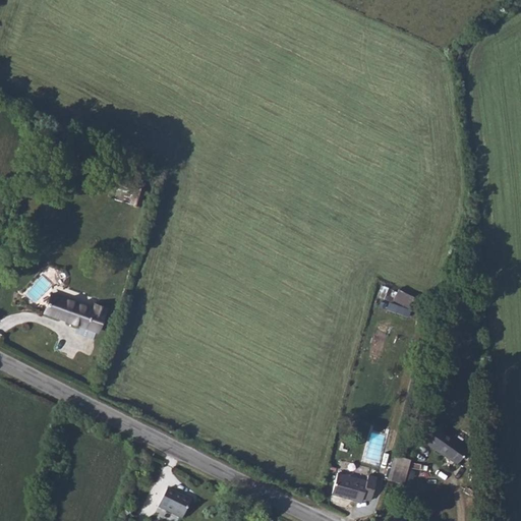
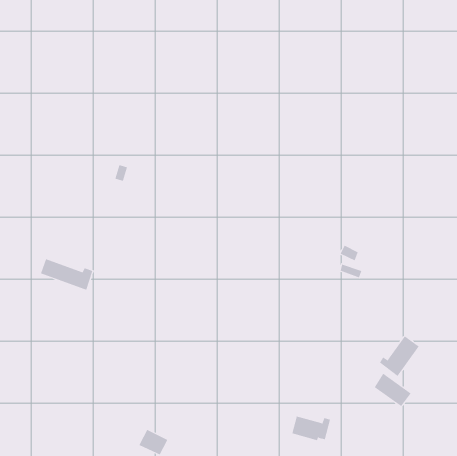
building: none -> [379,335,419,377]
building: [388,456,410,484] -> none

